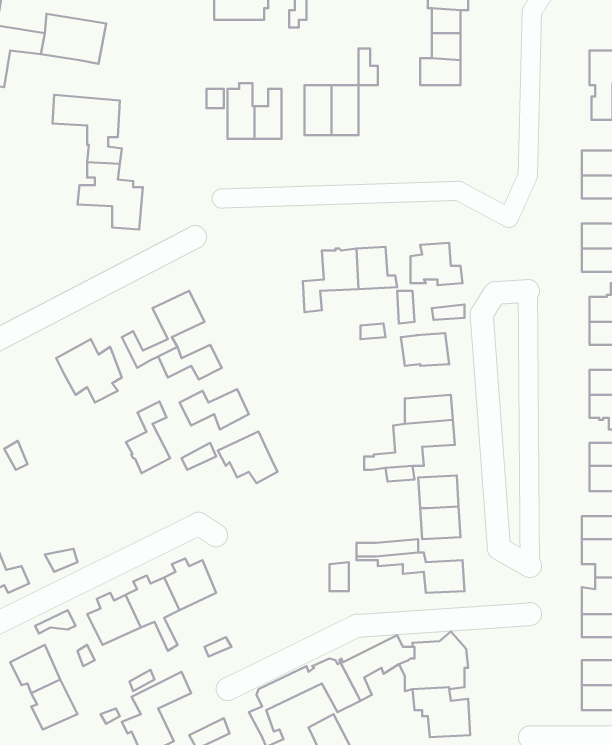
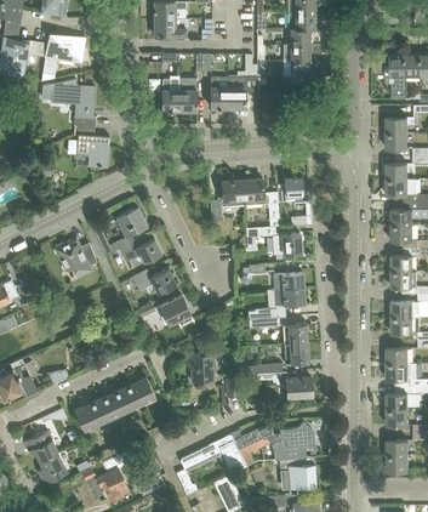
building: [126,402,170,473] -> none
building: none -> [183,353,213,381]

